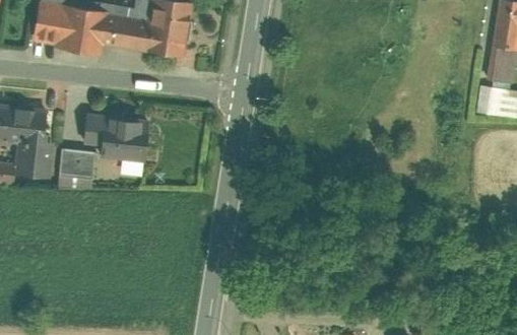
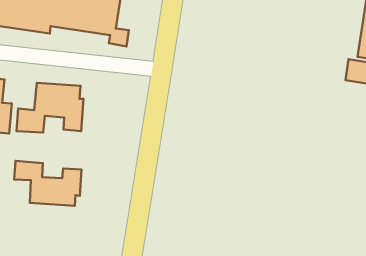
building: none -> [14,161,81,206]

